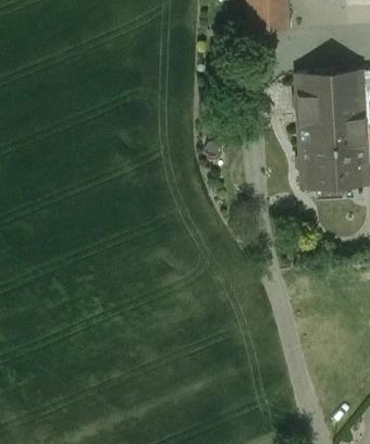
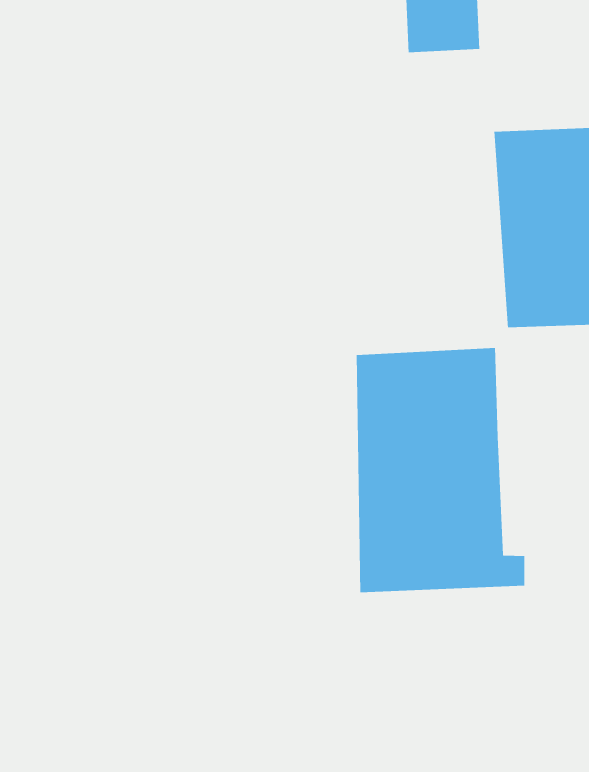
building: none -> [356,347,525,593]

